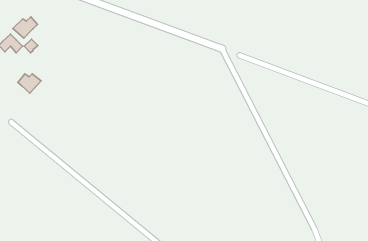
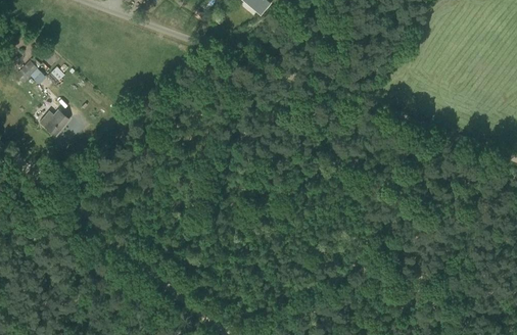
building: [13,17,38,38] -> none

